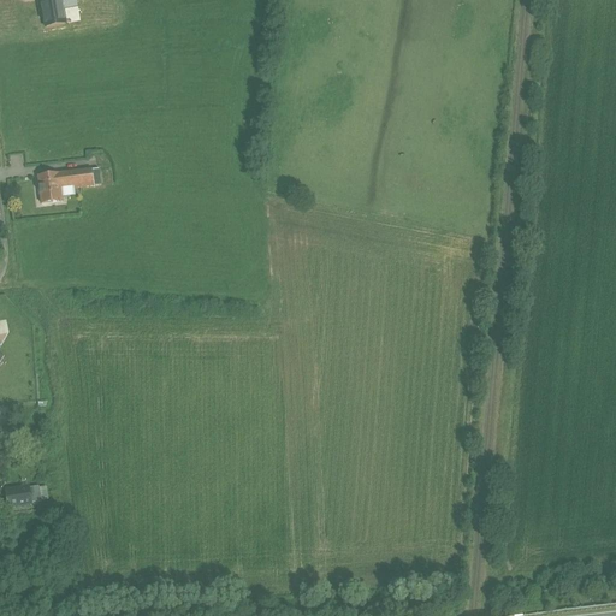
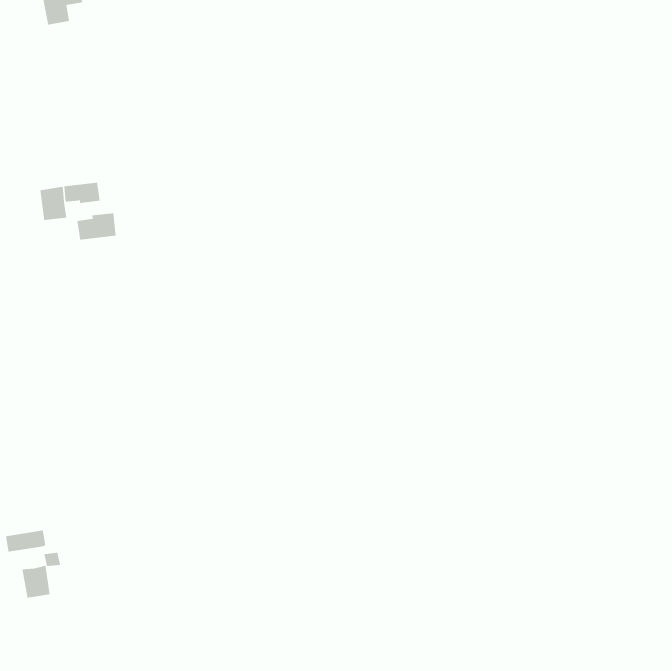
building: none -> [77,213,116,240]
building: none -> [22,565,50,599]

